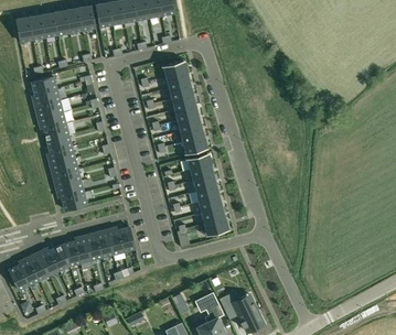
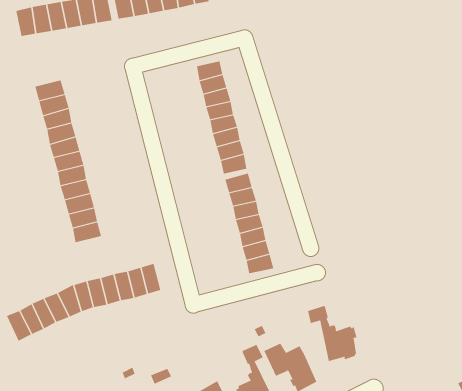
building: none -> [308,305,357,362]

